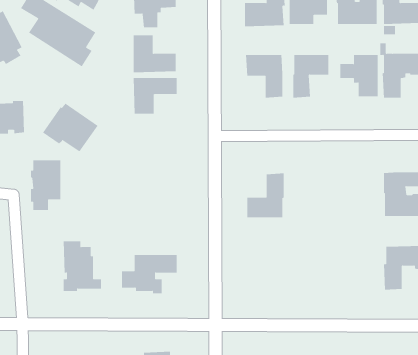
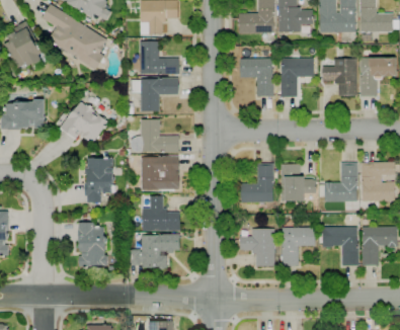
building: none -> [141,119,179,152]
building: [30,160,61,210] -> [85,158,112,202]
building: none -> [141,157,178,189]
building: none -> [324,163,357,201]
building: none -> [281,164,315,201]
building: none -> [143,196,180,231]
building: none -> [281,228,315,266]
building: none -> [322,228,358,266]
building: none -> [240,229,274,267]

